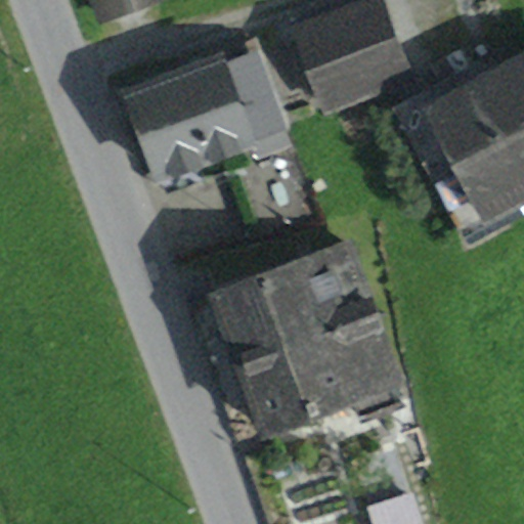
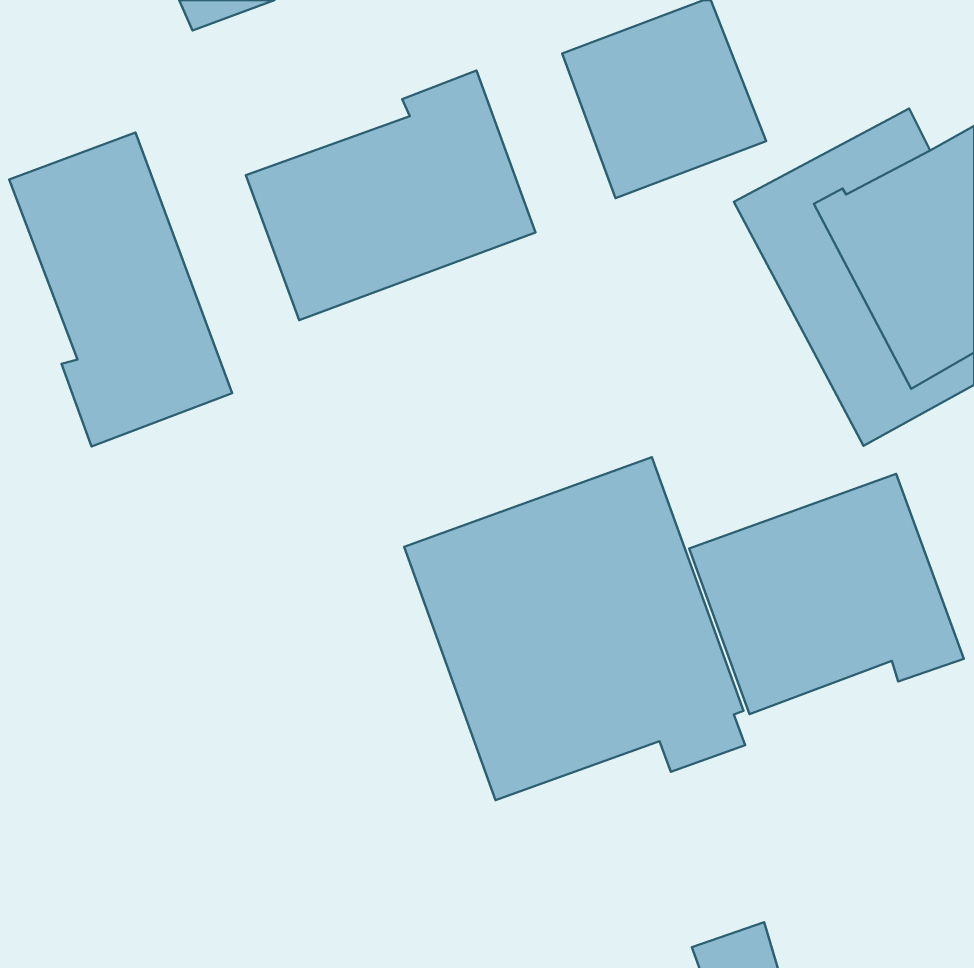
building: none -> [9,132,232,447]
building: none -> [689,474,964,714]

